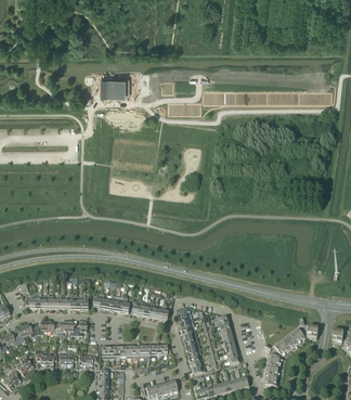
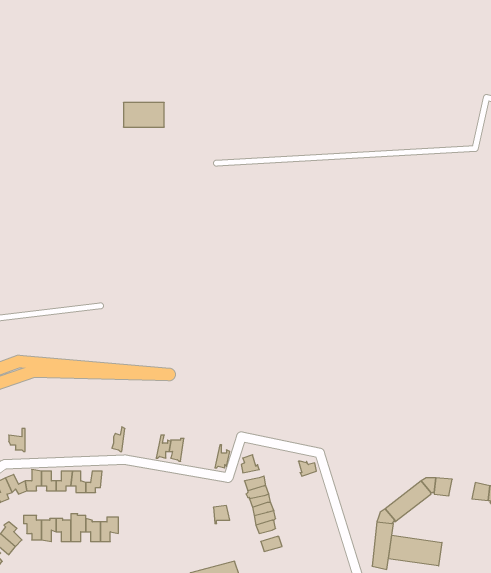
building: none -> [388,535,442,566]

